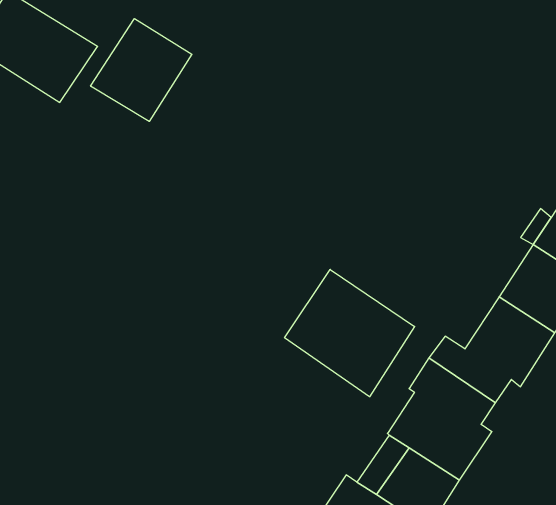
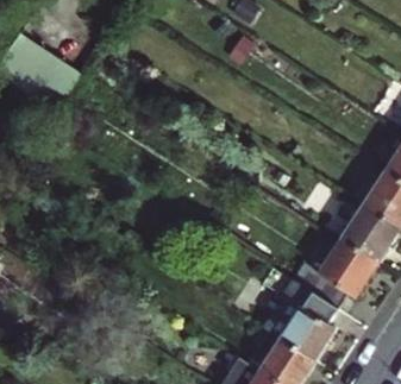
building: [91,19,192,121] -> none
building: [285,269,415,397] -> none

